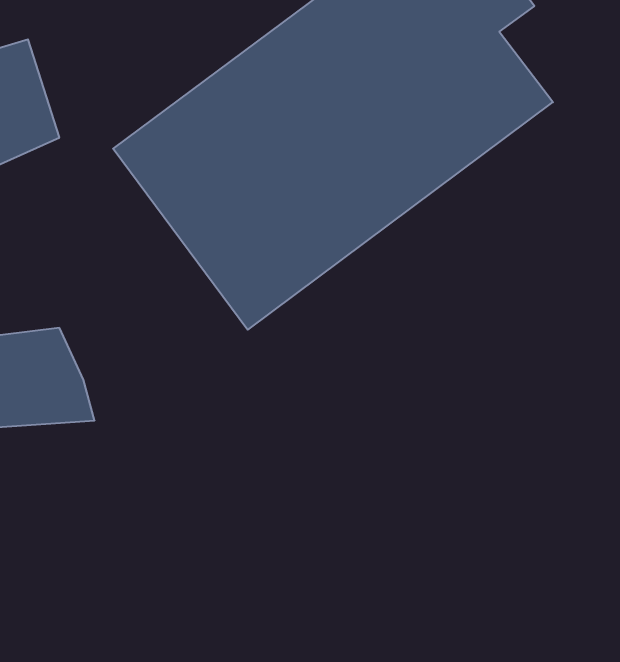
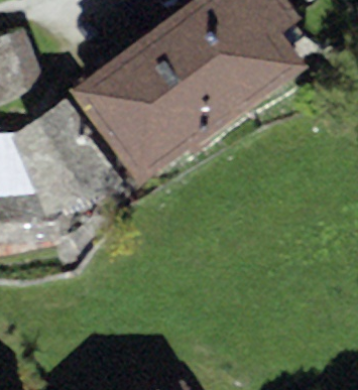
building: none -> [15,101,119,216]

